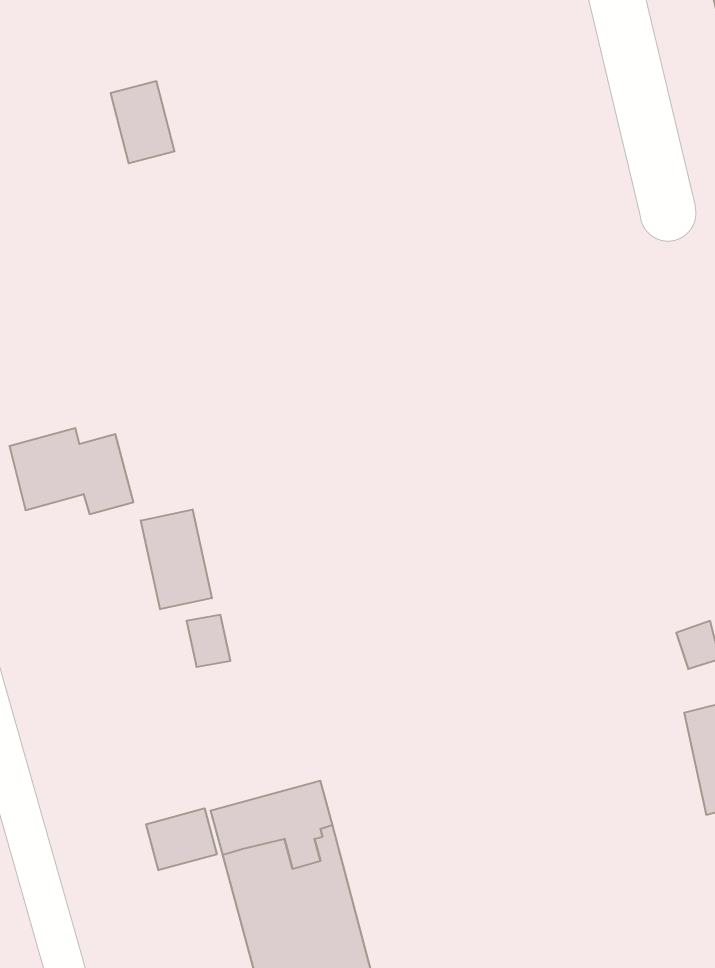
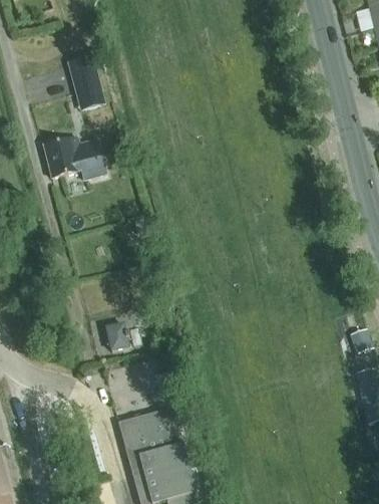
building: [9,428,133,514] -> [43,136,105,179]
building: [141,509,212,609] -> none
building: [146,808,217,870] -> none

